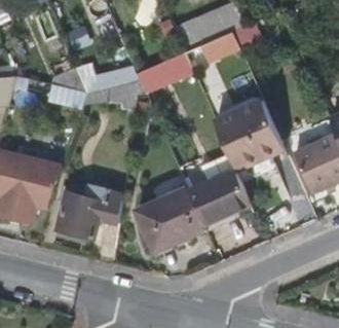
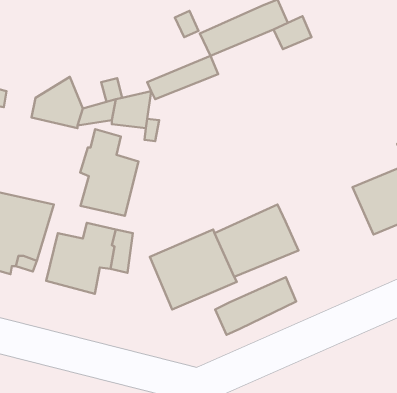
building: [217,102,285,168] -> none
building: none -> [80,129,139,216]
building: none -> [215,277,296,335]

